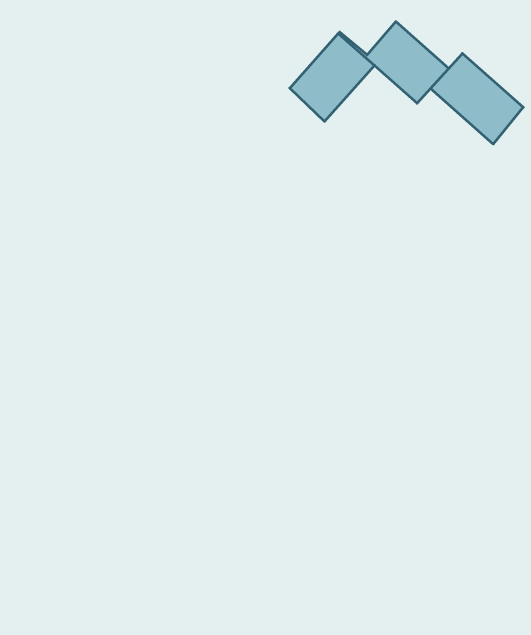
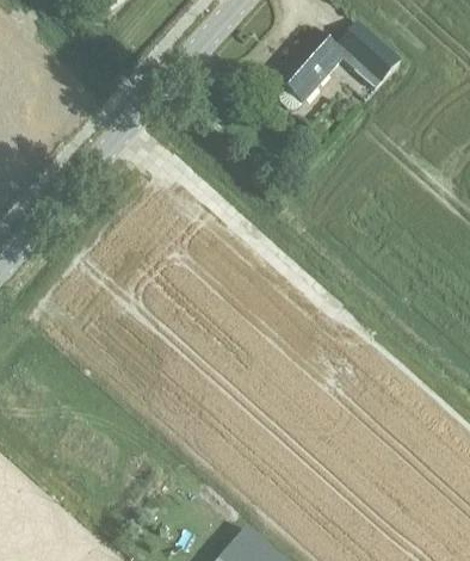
building: [431,53,523,144] -> none

